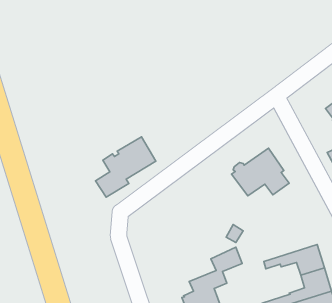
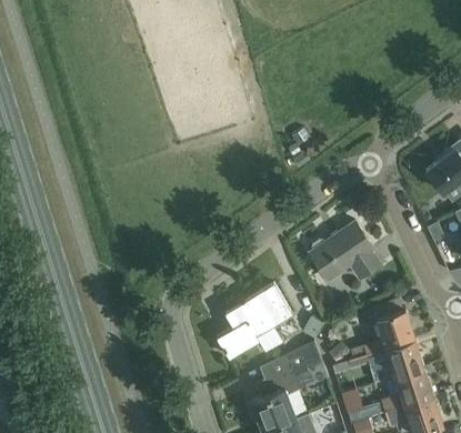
building: [95,137,156,197] -> [218,284,292,359]
building: none -> [364,310,415,356]

